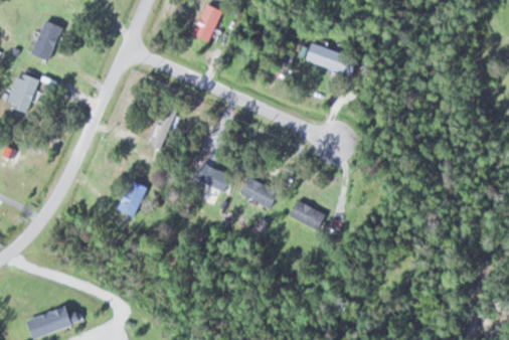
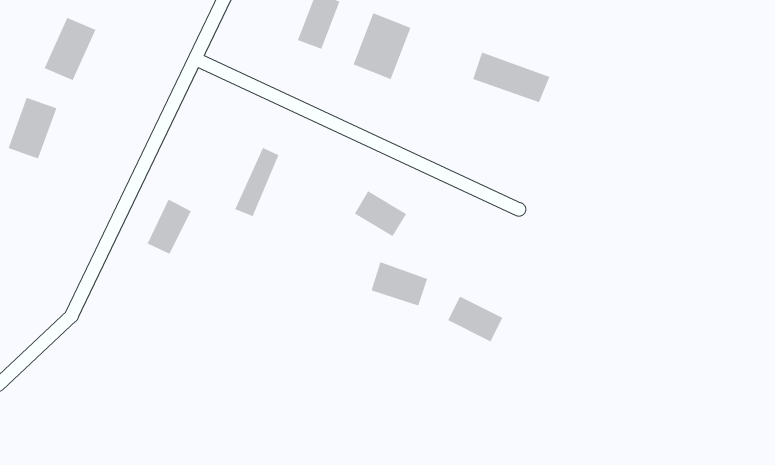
building: none -> [353,12,411,80]
building: [194,163,228,193] -> [354,190,407,237]
building: [116,180,145,216] -> [146,198,192,255]

